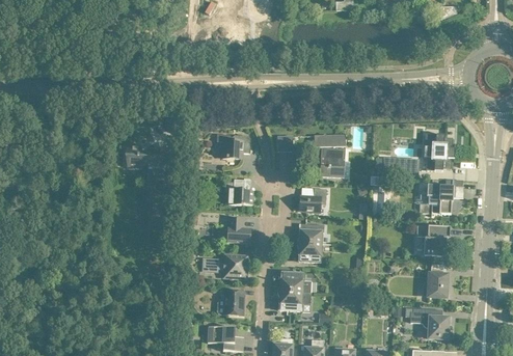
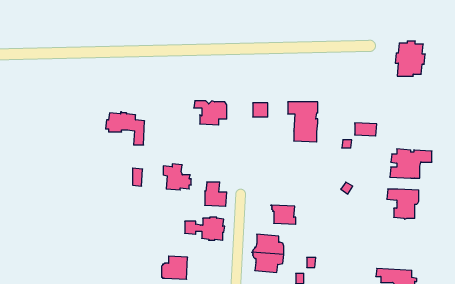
building: [424,134,455,170] -> [395,41,425,76]
building: [225,179,254,206] -> [163,164,191,190]
building: [299,188,326,212] -> none
building: [296,223,324,243] -> none
building: [424,263,447,297] -> none
building: [217,291,244,314] -> [162,256,188,279]

